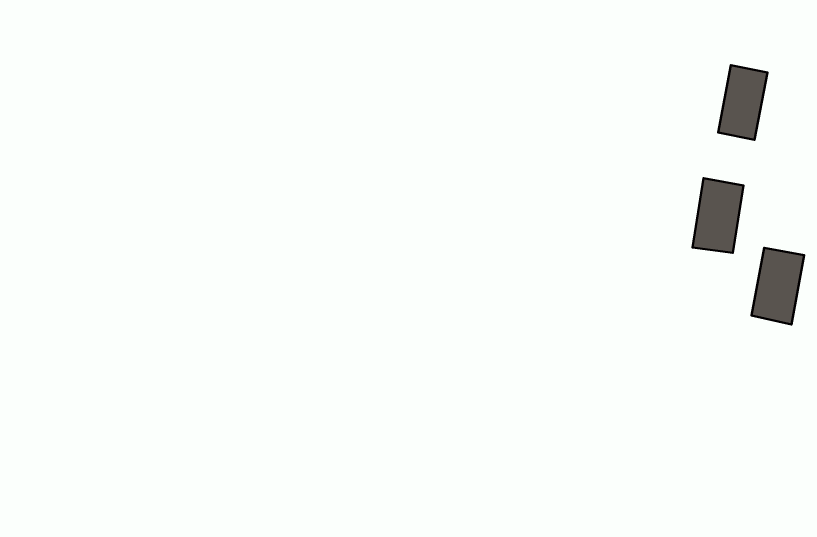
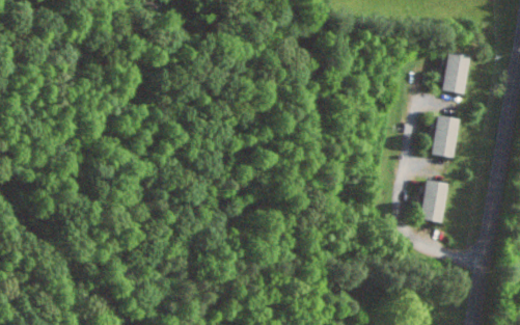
building: [751,248,804,325] -> [417,180,447,223]

